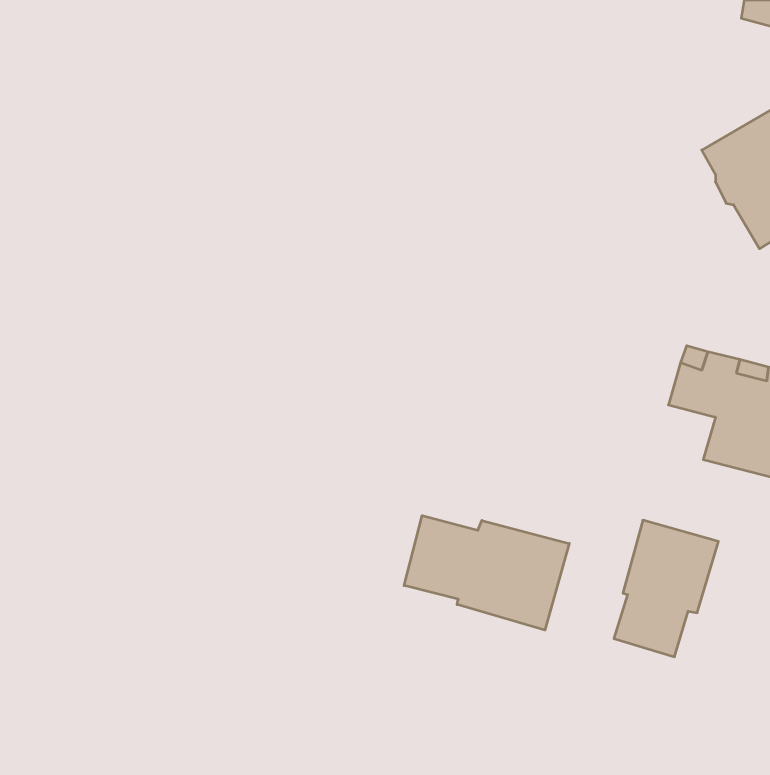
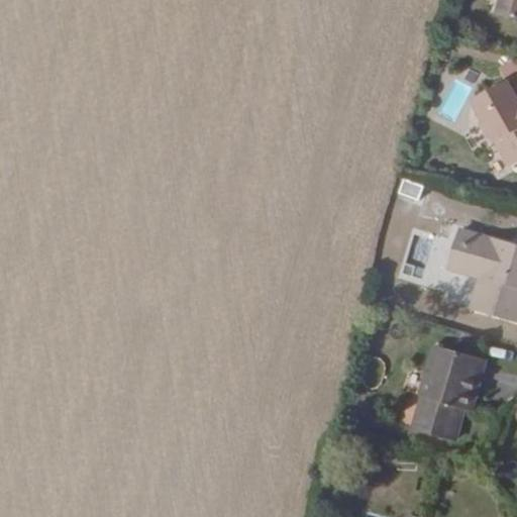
building: [404,516,569,630] -> none

